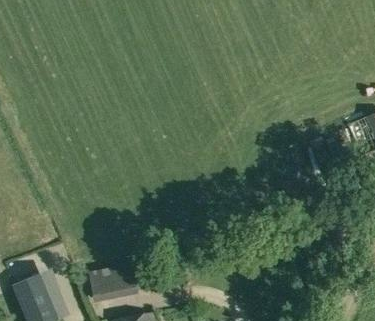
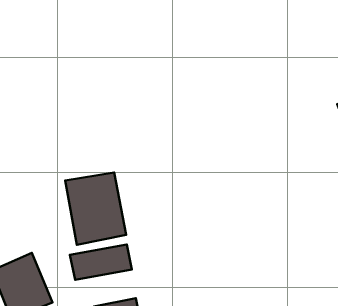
building: none -> [65,173,126,245]

